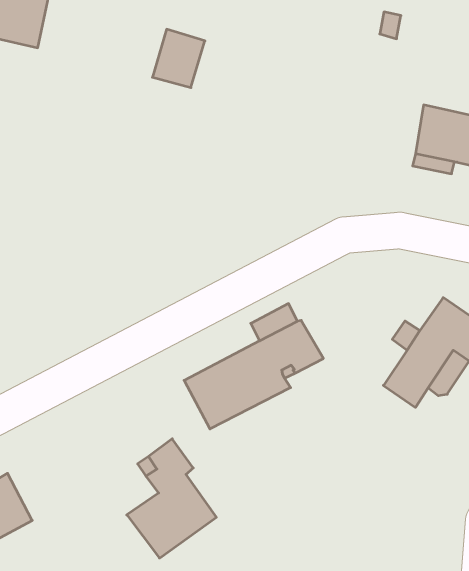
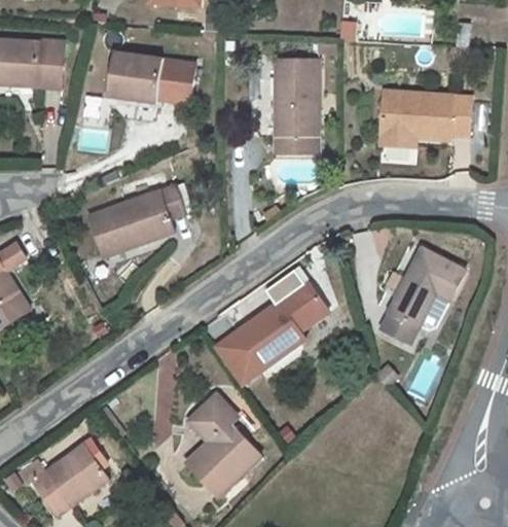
building: none -> [108,50,164,104]
building: none -> [276,59,320,152]
building: none -> [87,185,185,256]

